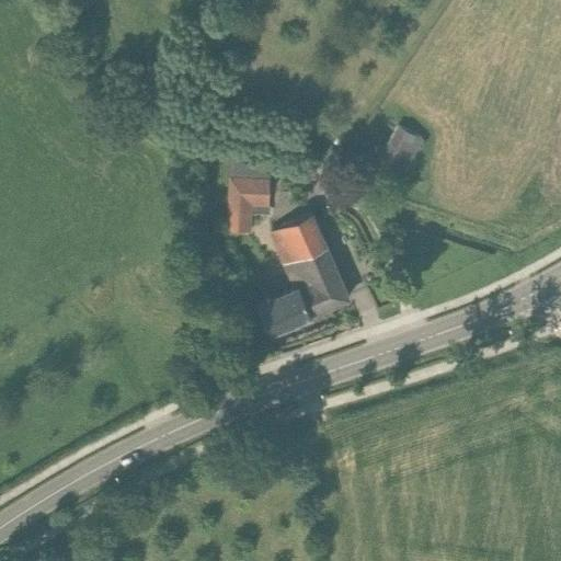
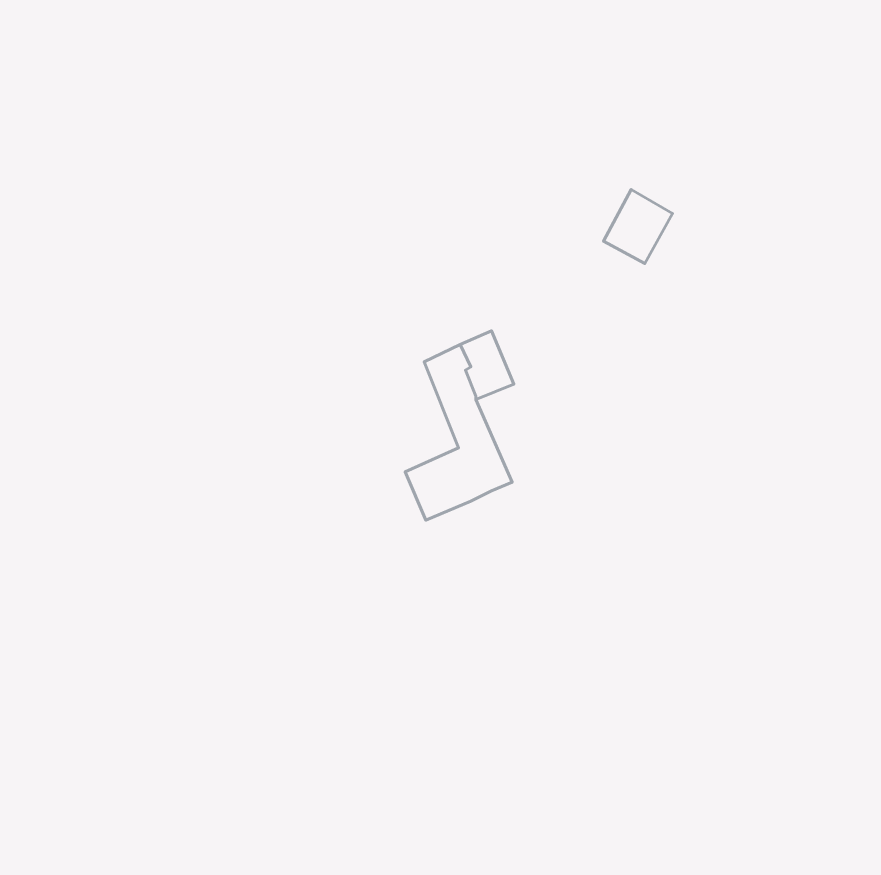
building: [228,179,271,233] -> none
building: [302,248,350,310] -> none

